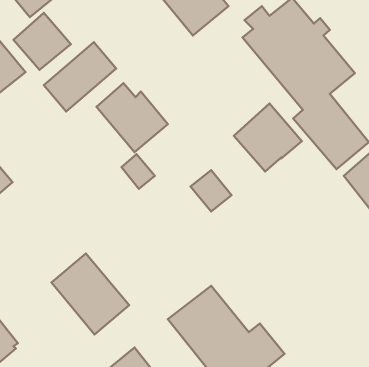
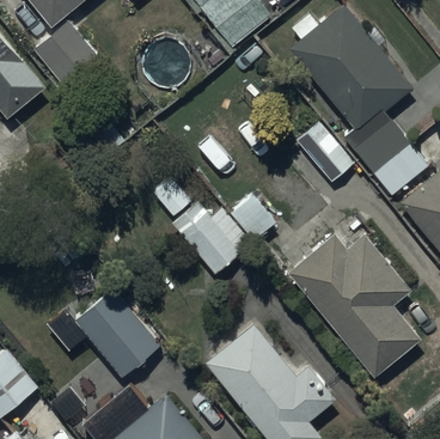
building: [44,42,116,112] -> none
building: [97,83,168,152] -> [171,197,250,274]
building: none -> [286,233,420,377]

